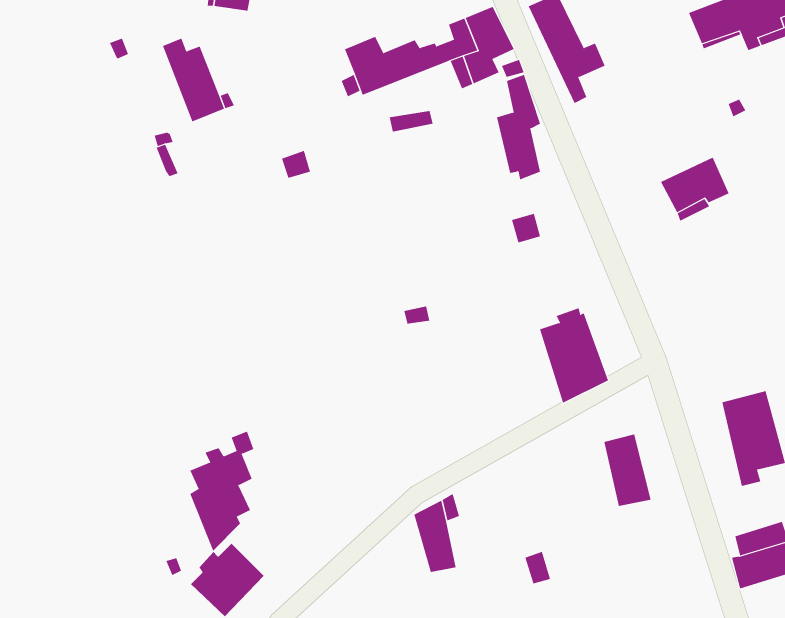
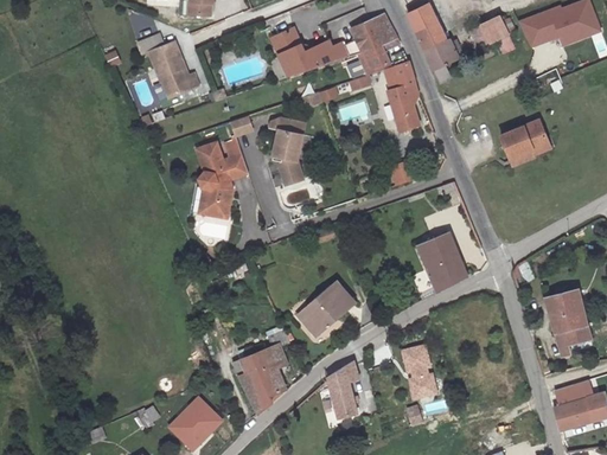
building: none -> [466,15,513,55]
building: none -> [273,120,305,185]
building: none -> [196,142,247,218]
building: none -> [299,282,354,338]
building: [190,431,254,552] -> [239,331,286,417]
building: [603,434,651,507] -> [402,346,436,398]

